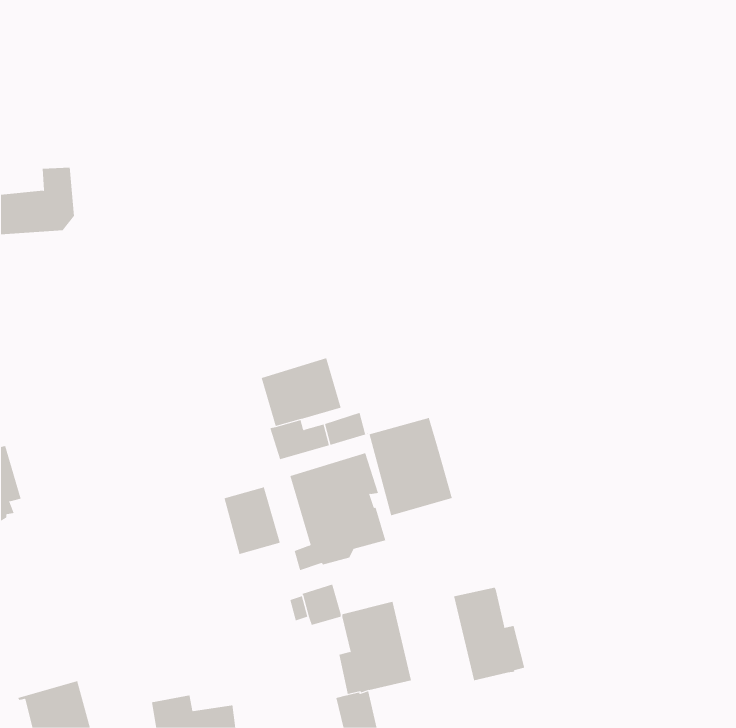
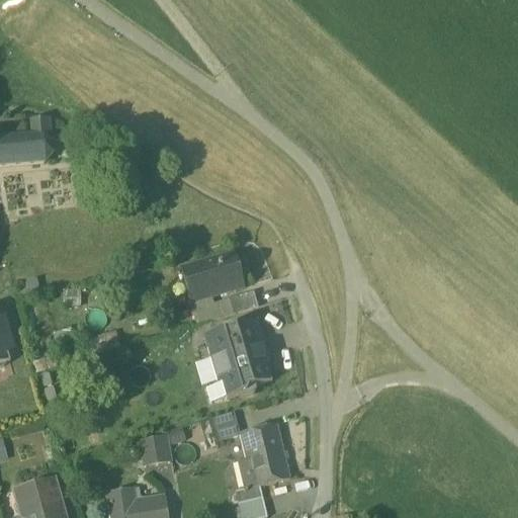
building: [369,417,453,516] -> none
building: [224,487,280,555] -> none
building: [454,587,525,681] -> none
building: none -> [139,434,170,465]

